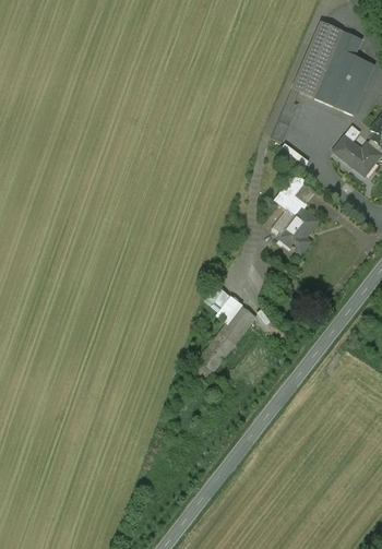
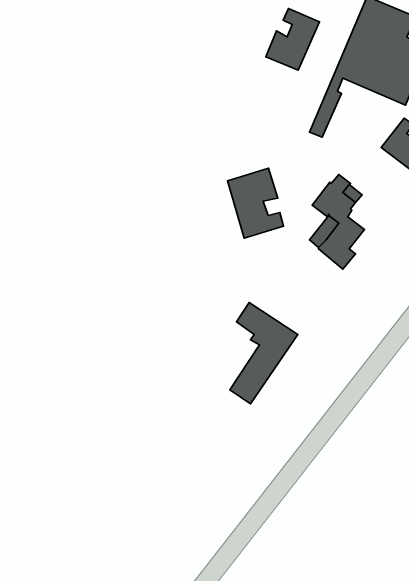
building: none -> [266,9,319,70]
building: none -> [227,168,283,238]

